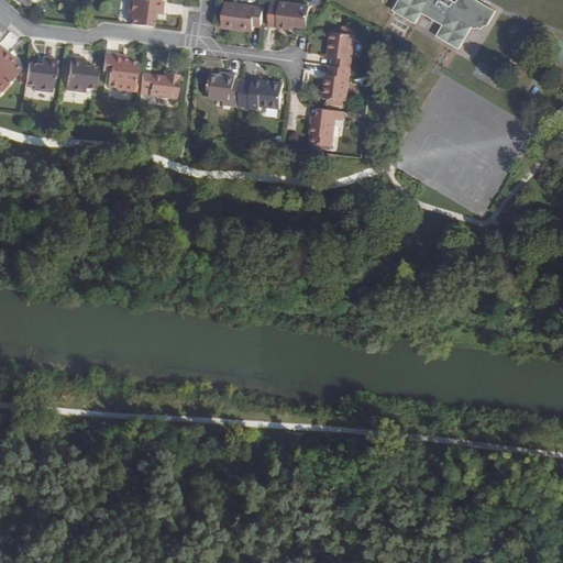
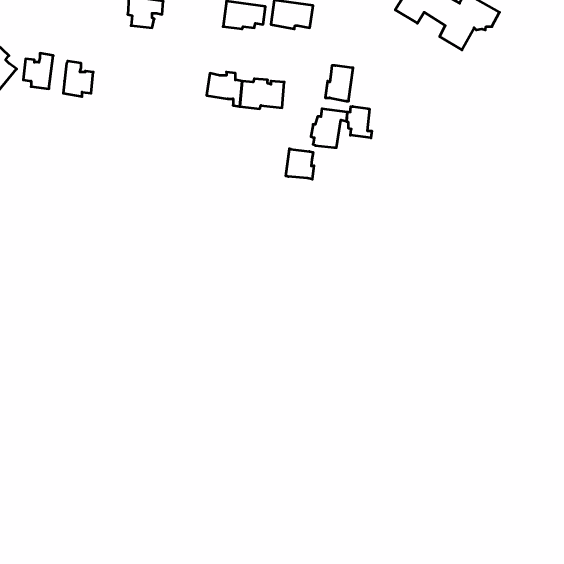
building: [328,32,354,67] -> none
building: [101,53,135,92] -> none
building: [137,74,177,99] -> none
building: none -> [347,106,372,138]
building: none -> [286,149,314,179]

